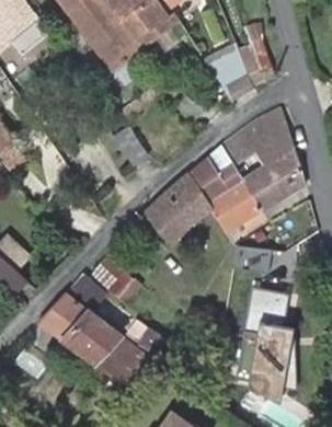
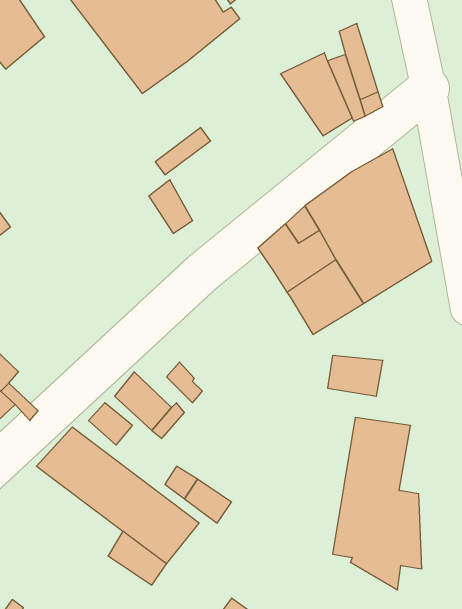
building: [142,173,210,241] -> none

